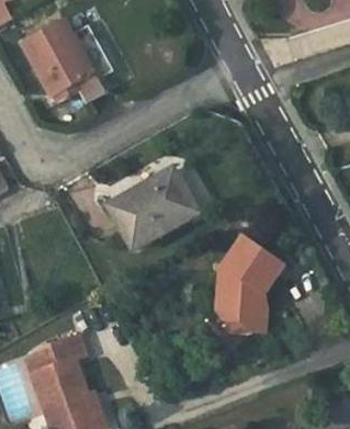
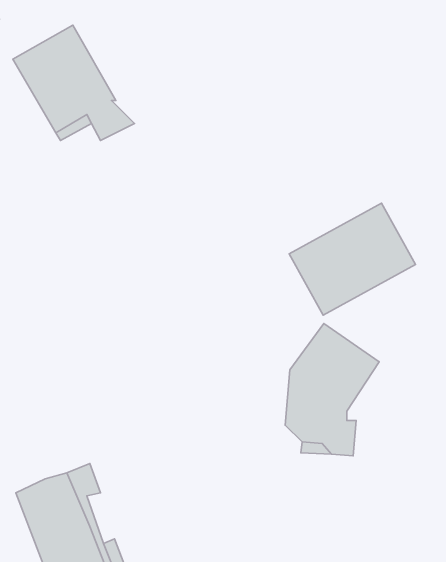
building: [110,168,200,248] -> [289,203,416,315]

